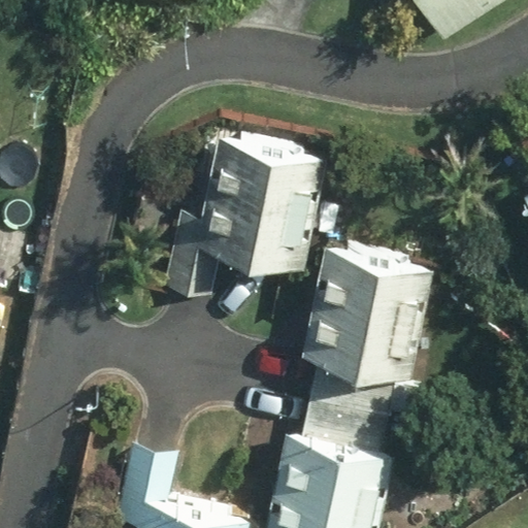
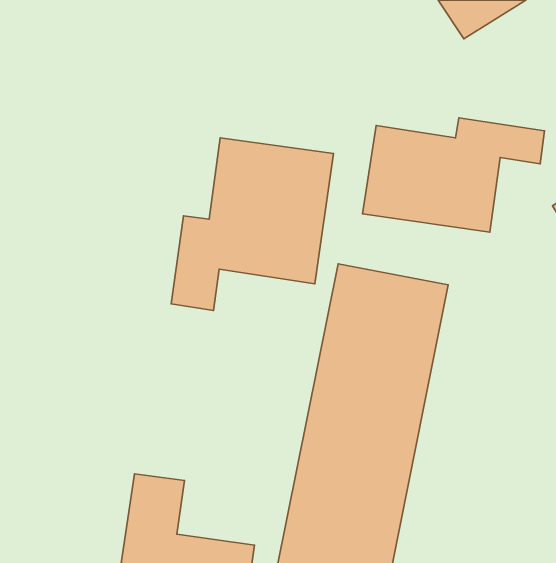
building: none -> [363,118,545,232]

